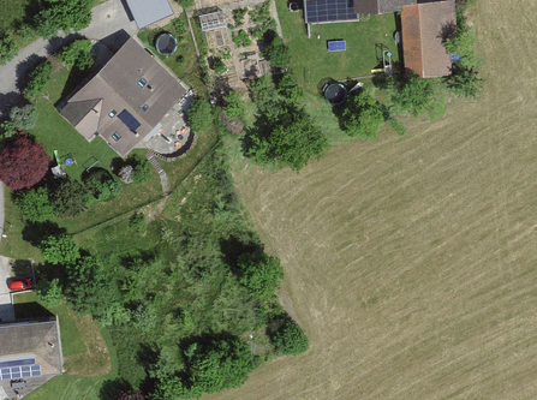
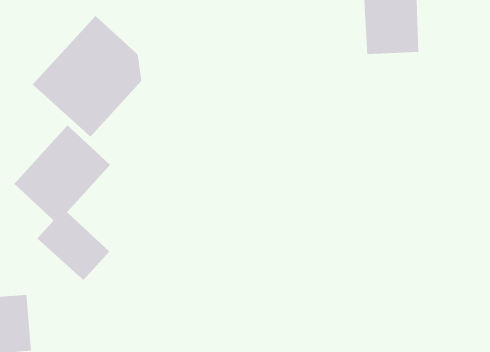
building: none -> [14,125,111,281]

